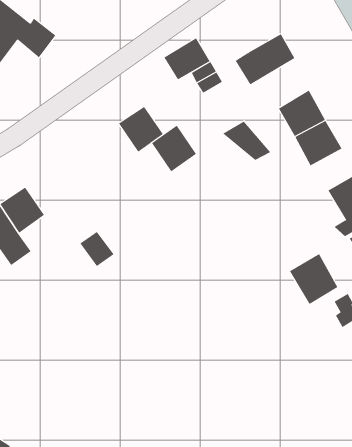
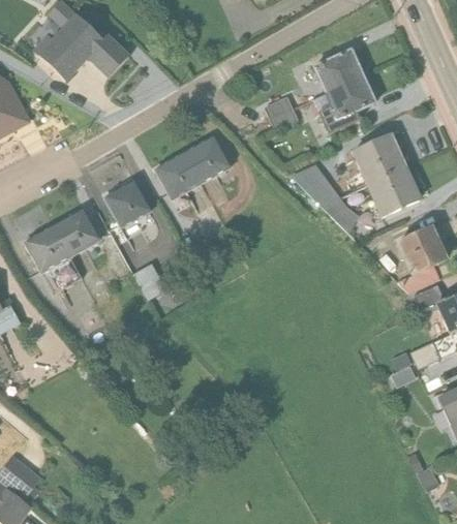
building: [163,38,211,80] -> [313,49,362,91]
building: [151,125,197,172] -> [155,152,202,201]
building: none -> [323,196,358,232]
building: none -> [104,180,151,227]
building: [289,253,338,305] -> none

